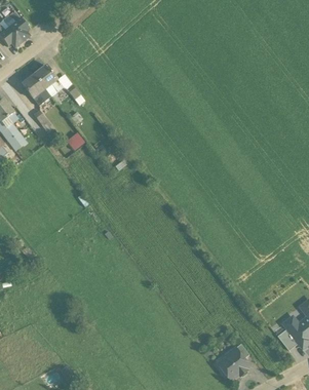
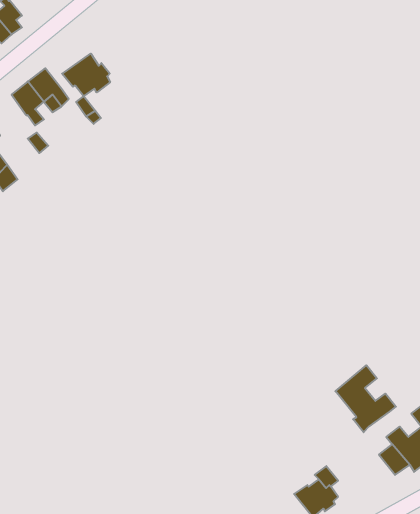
building: none -> [62,54,110,96]
building: none -> [335,365,396,432]

